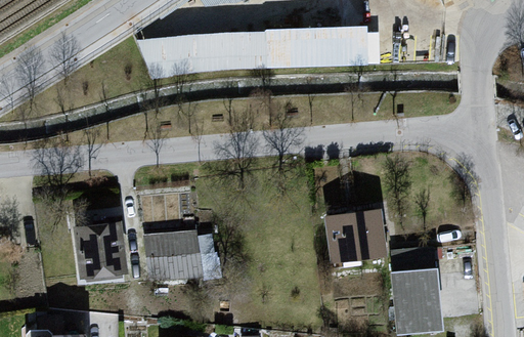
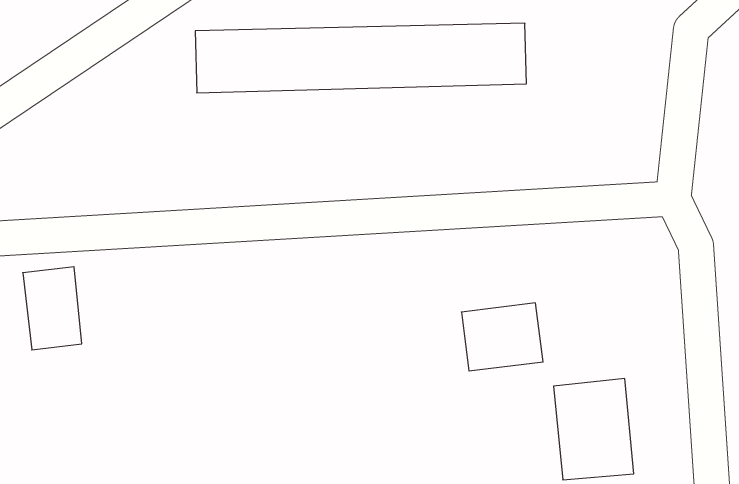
building: [83,221,123,278] -> [23,267,82,350]
building: [146,228,217,277] -> none

